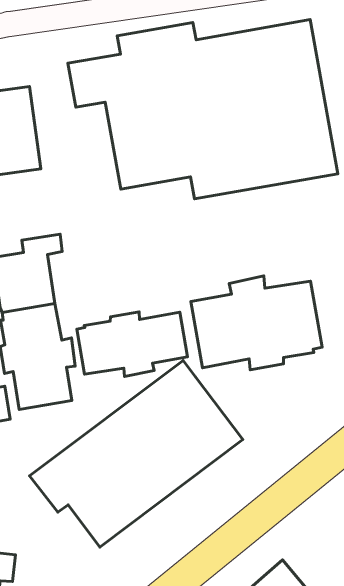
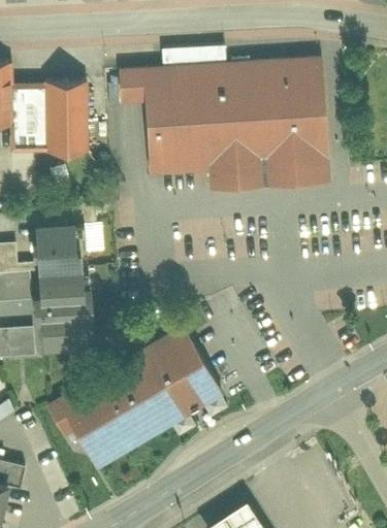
building: [191,276,322,370] -> none
building: [77,312,188,377] -> none

